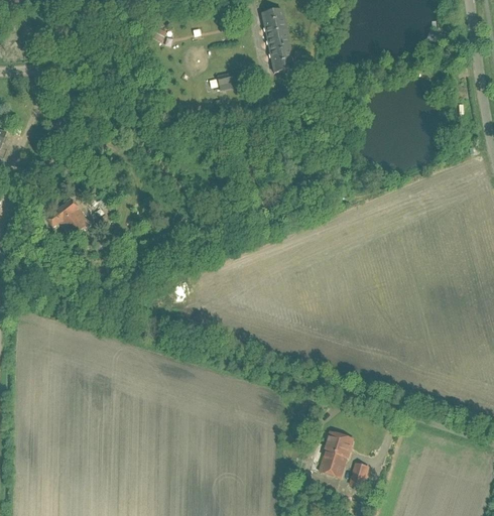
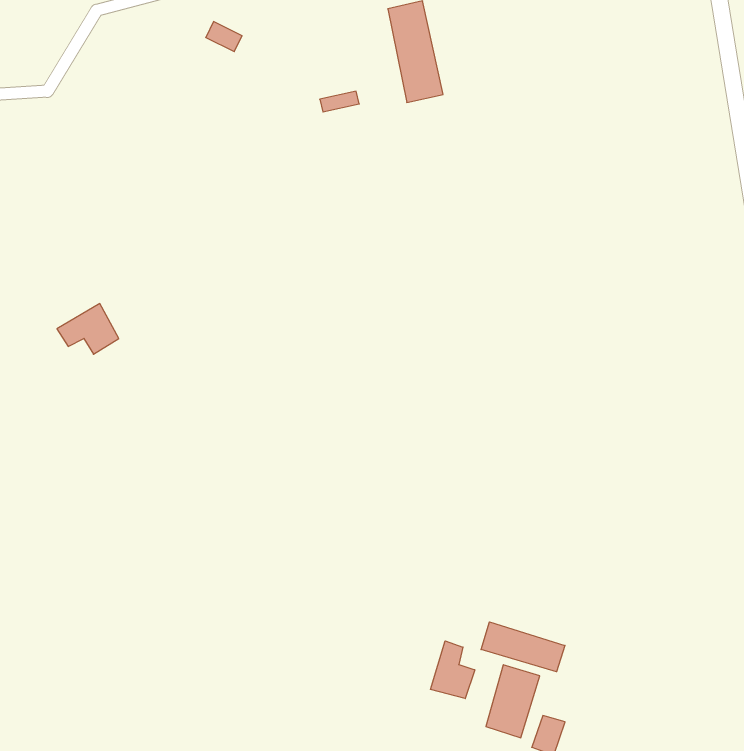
building: none -> [481,622,565,672]
building: none -> [430,641,475,699]

